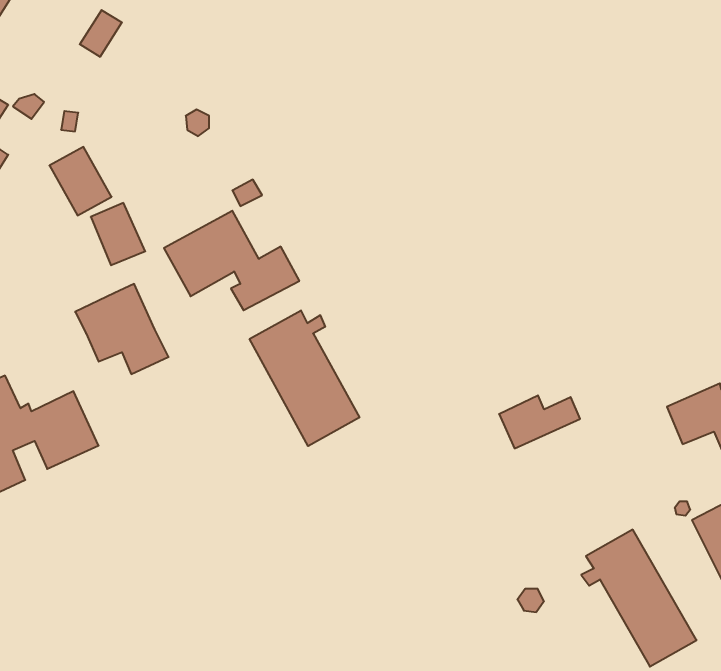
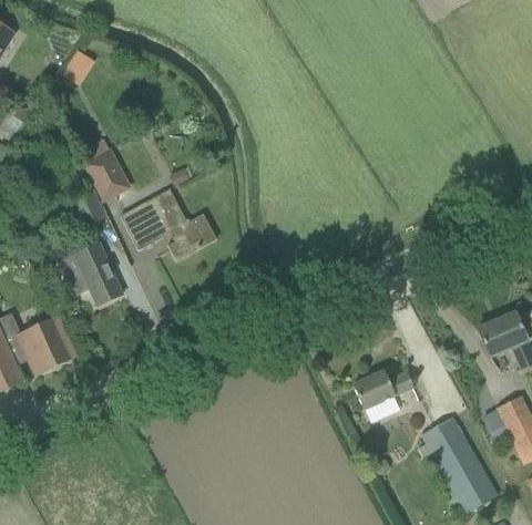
building: [49,147,112,215] -> [84,152,129,200]
building: [250,310,359,446] -> none
building: [499,395,580,448] -> [356,370,413,408]

